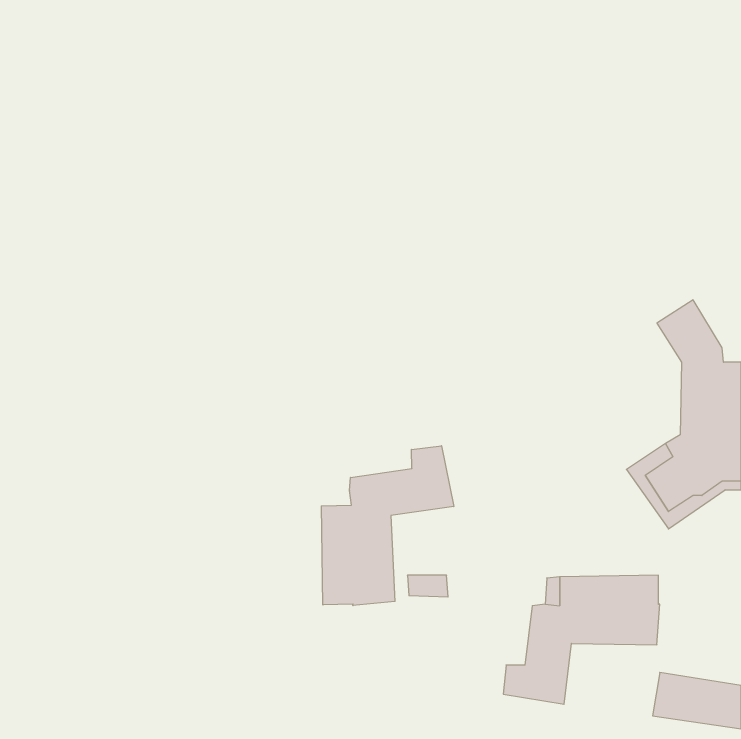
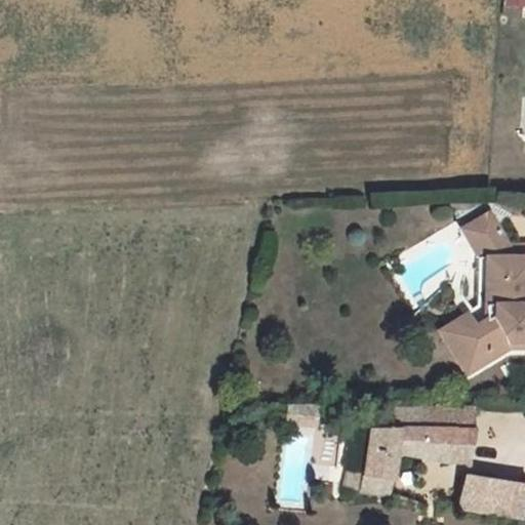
building: [321,446,454,606] -> none

